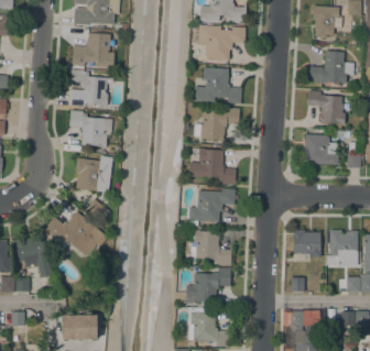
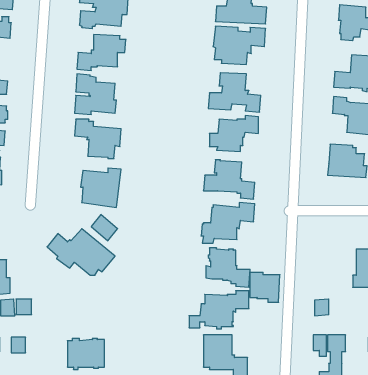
building: [293,230,320,257] -> [250,272,280,302]
building: [13,235,52,278] -> none

